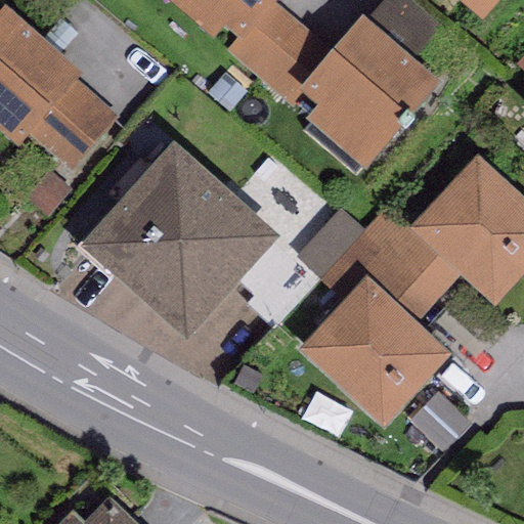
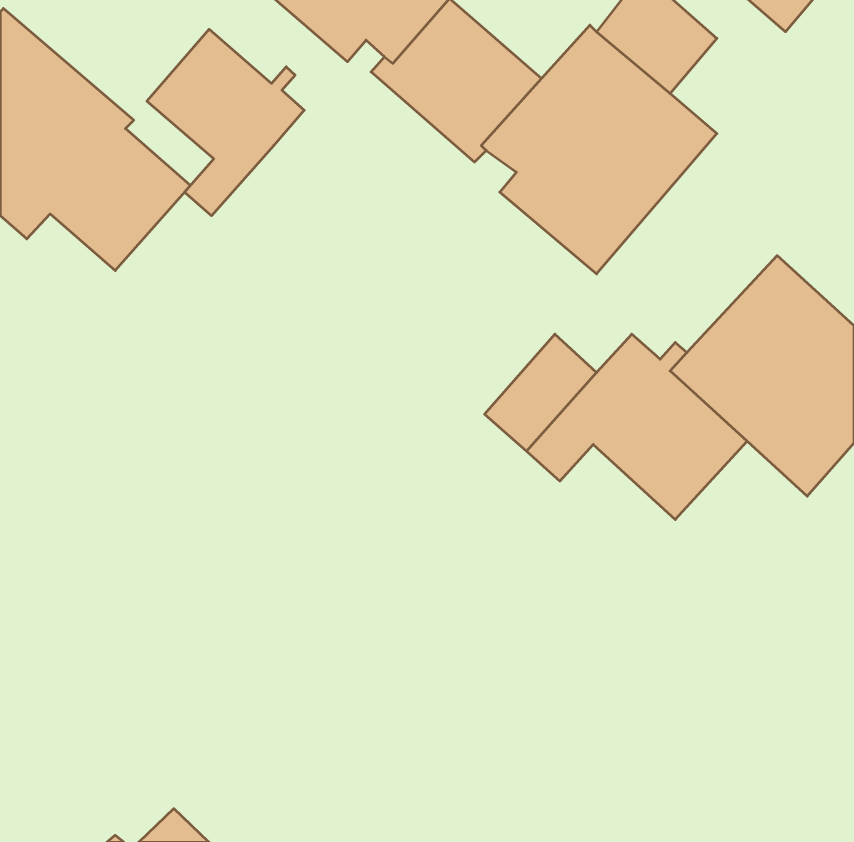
building: none -> [147,29,304,216]
building: [79,143,280,345] -> none
building: [299,272,449,426] -> none

